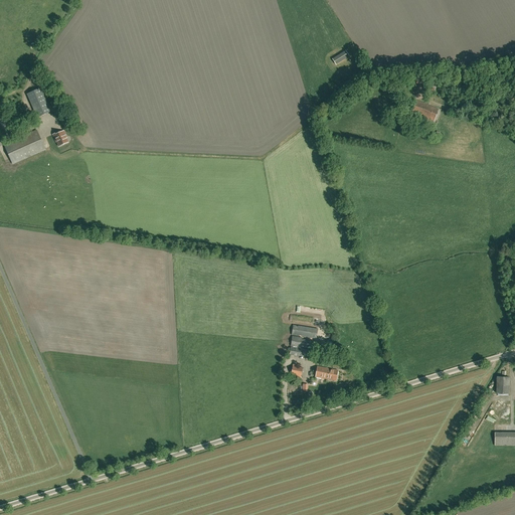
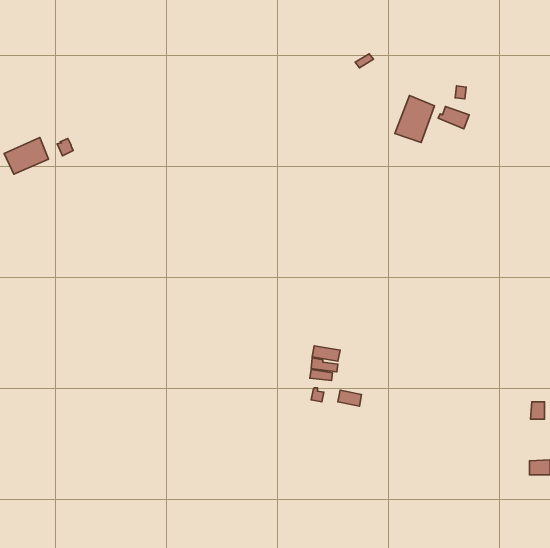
building: [27,88,51,117] -> none
building: none -> [395,96,435,142]

